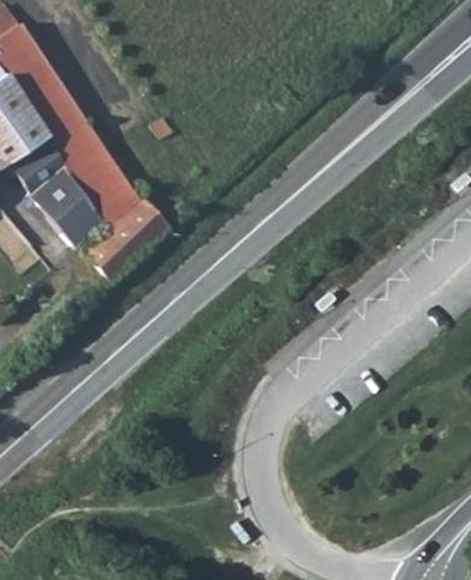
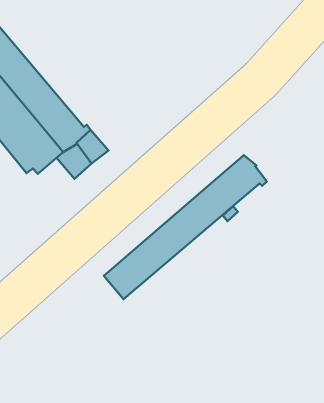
building: none -> [104,155,267,299]
building: [91,227,137,275] -> none

